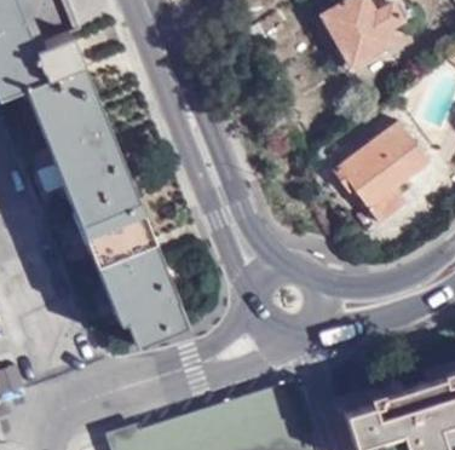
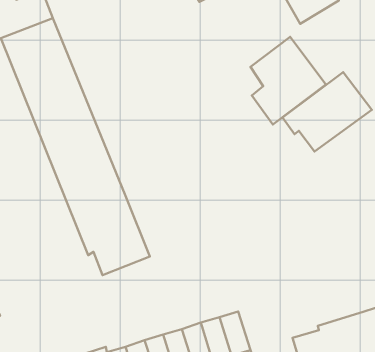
building: none -> [250,37,326,125]

